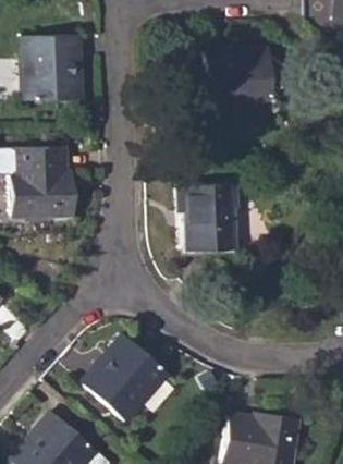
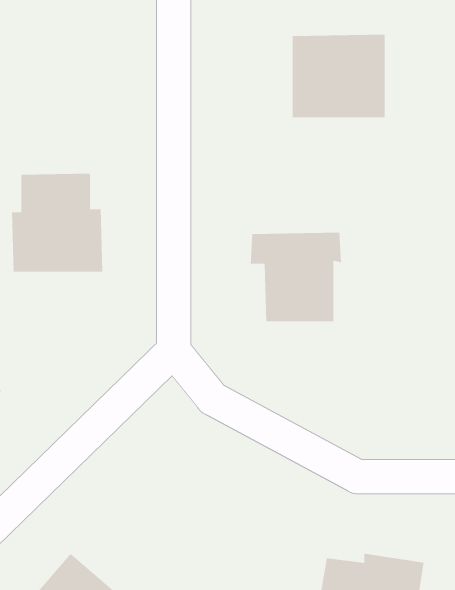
building: [21,35,82,101] -> none
building: [82,334,169,422] -> none

